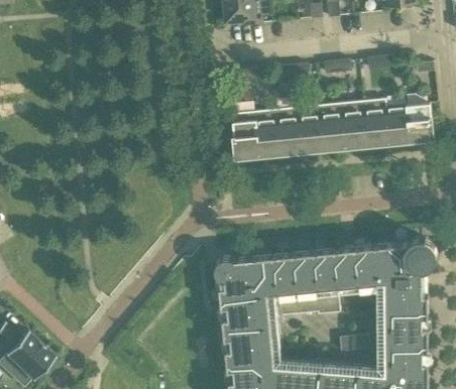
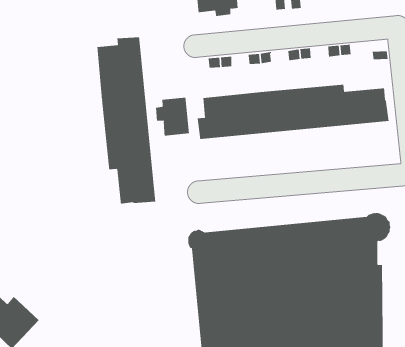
building: none -> [97,36,156,204]
building: none -> [156,97,190,136]

